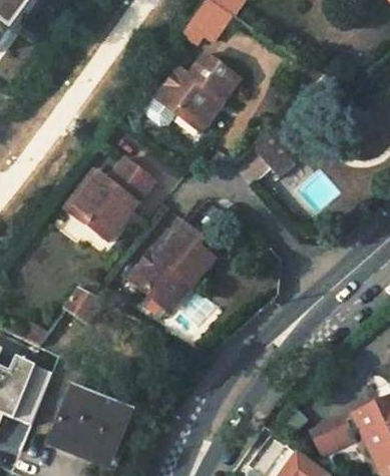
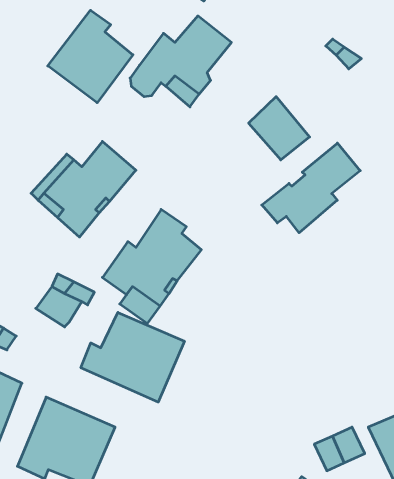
building: none -> [48,10,133,103]
building: none -> [262,143,360,233]
building: none -> [81,312,184,402]

